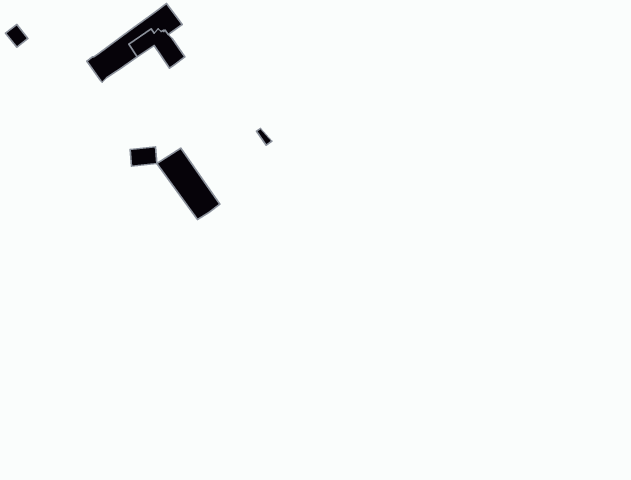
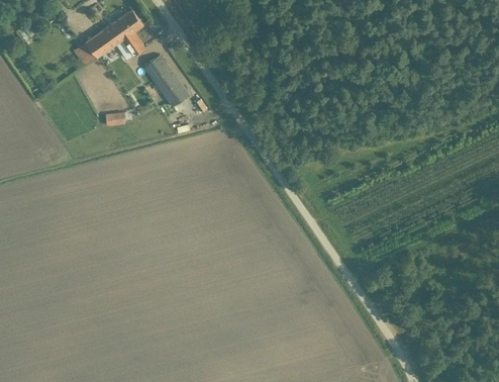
building: [157,148,220,220] -> [144,54,190,105]

